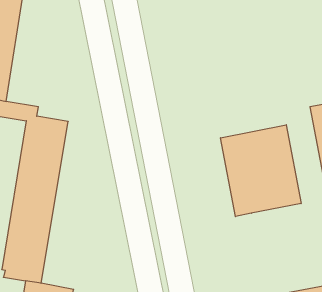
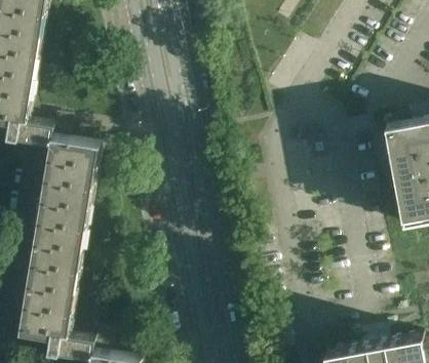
building: [221,125,301,217] -> none

